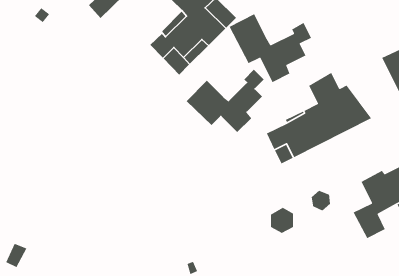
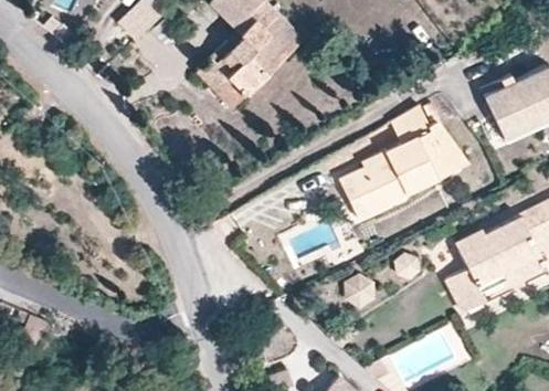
building: [228,13,312,83] -> none
building: [186,69,265,133] -> none

